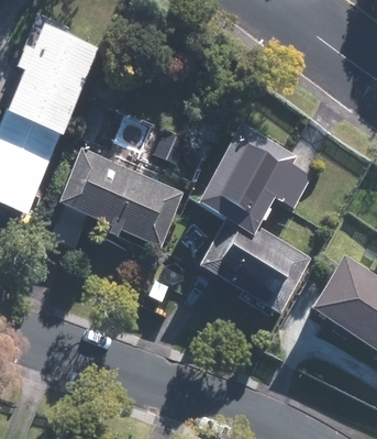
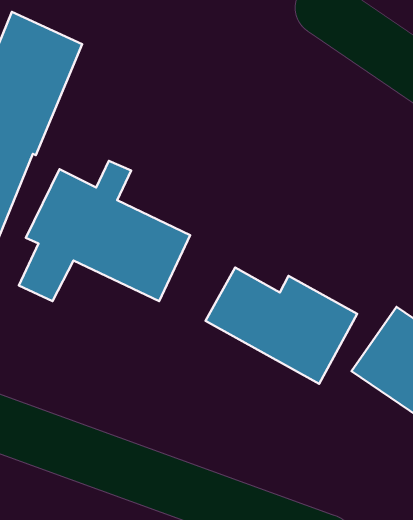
building: [191,124,314,243] -> none

